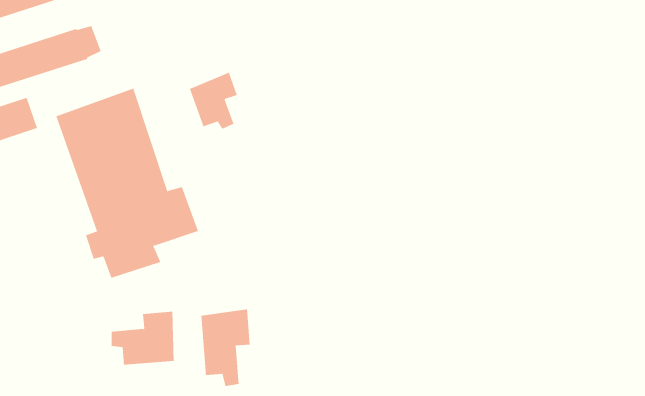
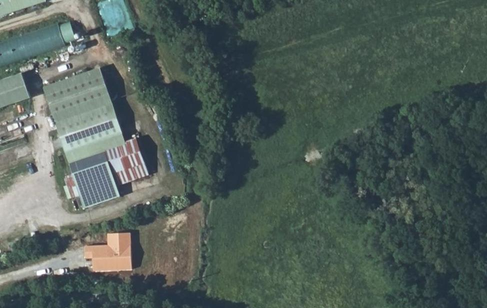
building: [189,72,237,130] -> none
building: [201,309,250,387] -> none

